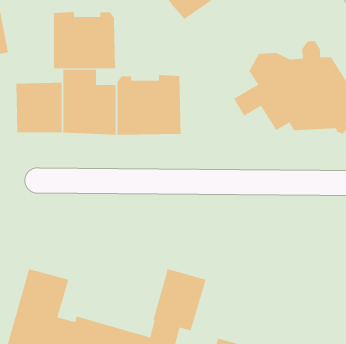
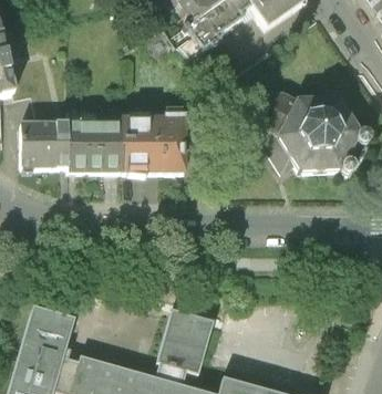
building: [53,11,115,69] -> none

